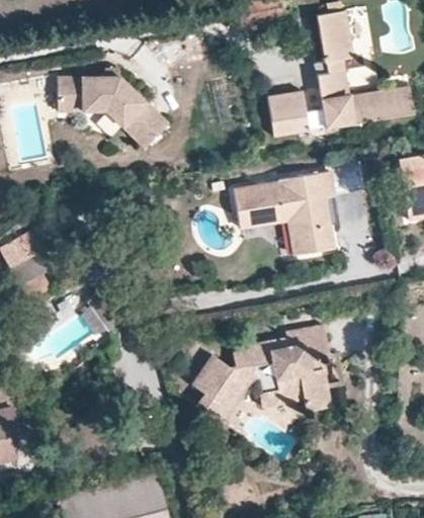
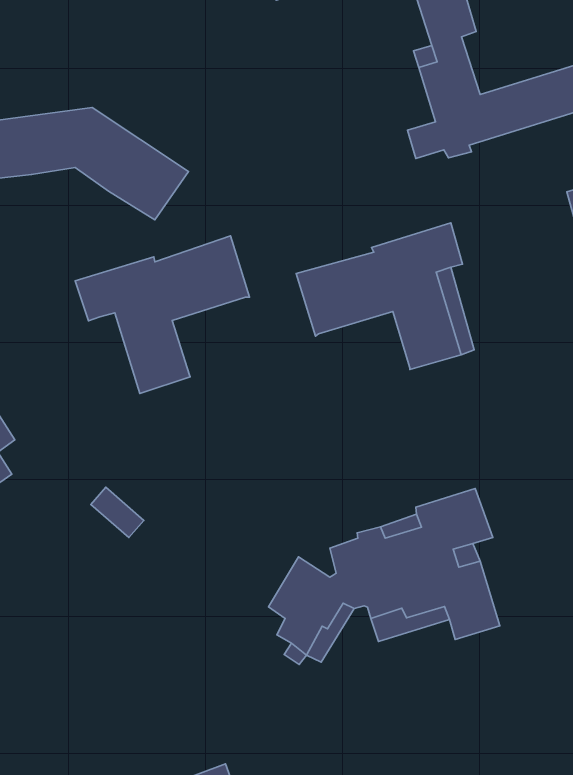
building: [268,92,311,137] -> none
building: none -> [75,236,249,393]

